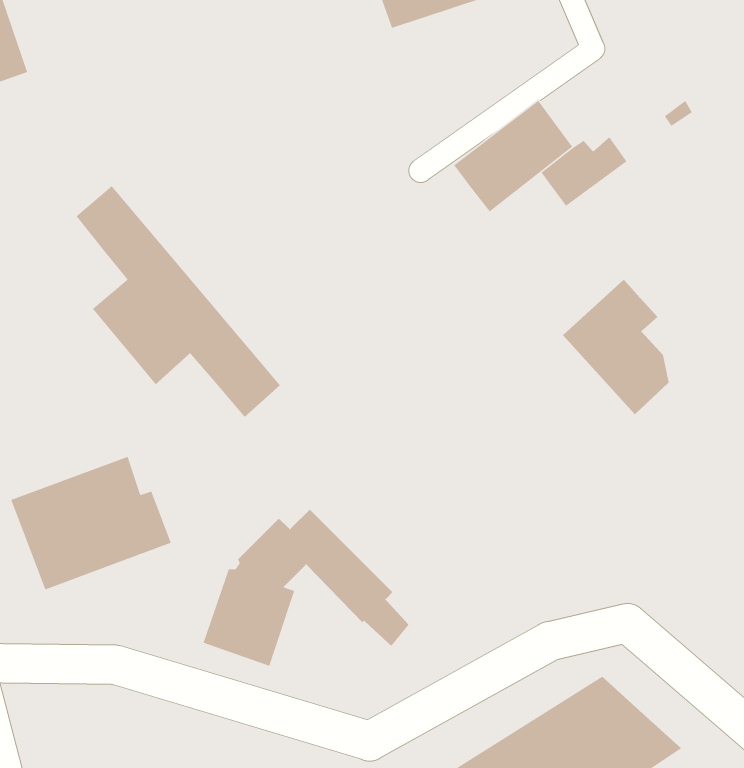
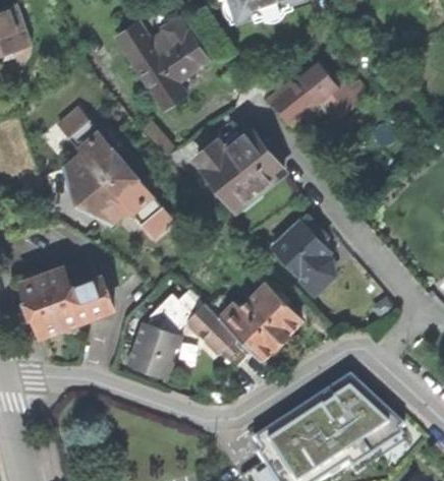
building: none -> [115,15,207,107]
building: none -> [196,129,281,207]
building: [562,279,669,415] -> [271,217,331,293]
building: none -> [207,287,299,362]

